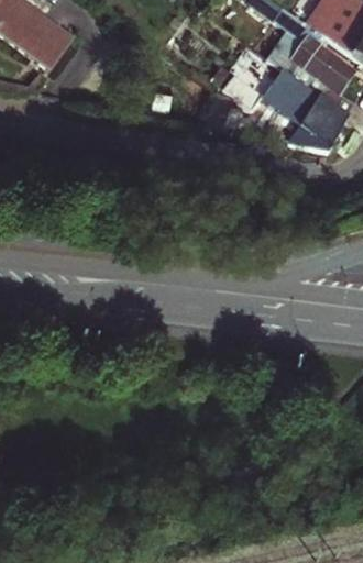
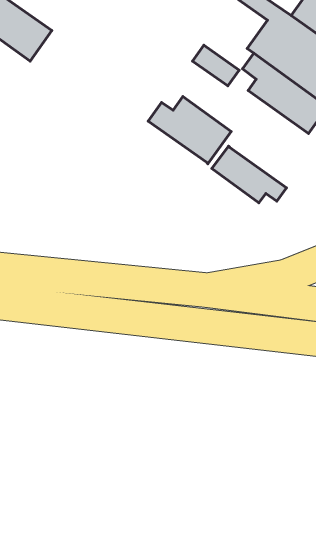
building: none -> [148,97,231,164]
building: none -> [212,146,286,203]

